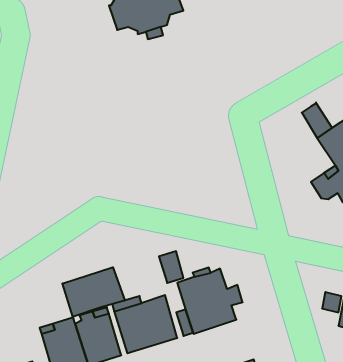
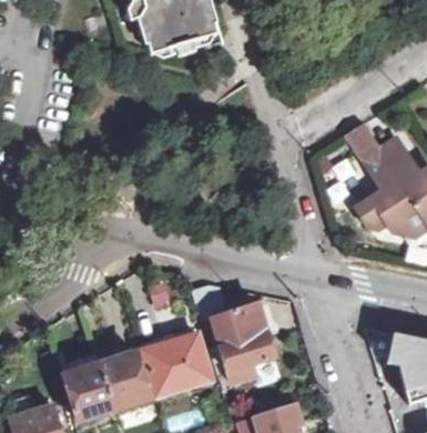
building: [62,267,125,317] -> none

